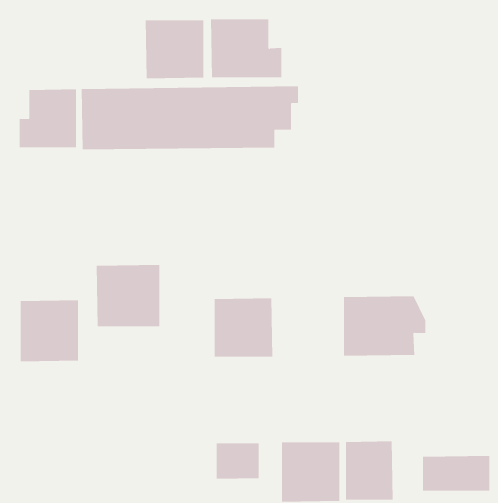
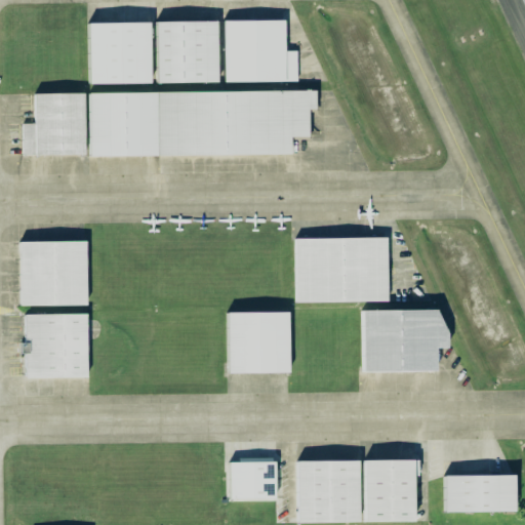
building: none -> [89,23,151,84]
building: none -> [297,237,389,301]
building: [96,265,160,327] -> [21,240,87,305]

